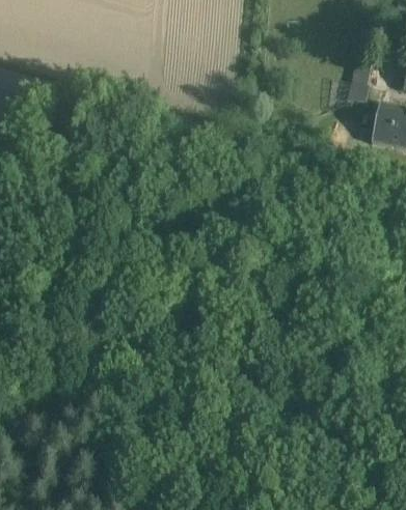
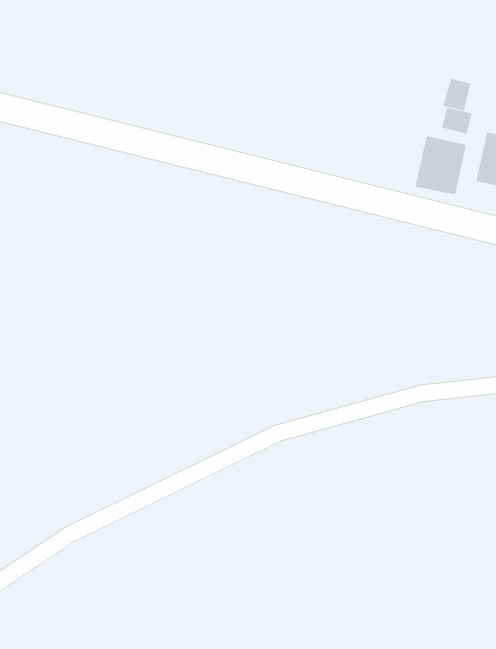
building: none -> [415,135,466,195]

